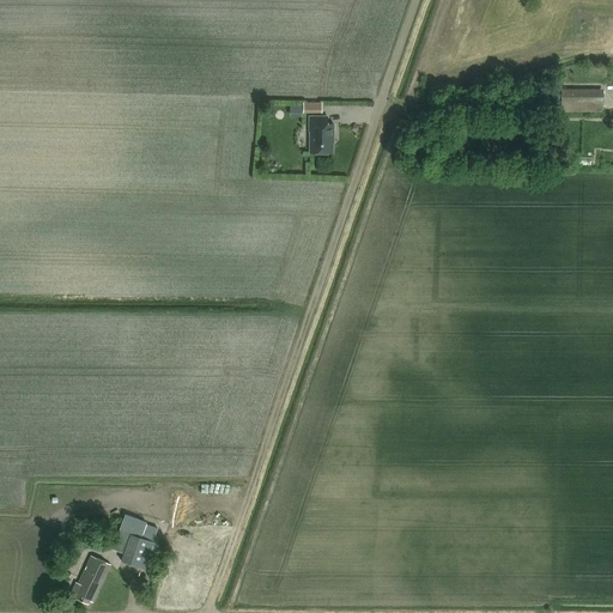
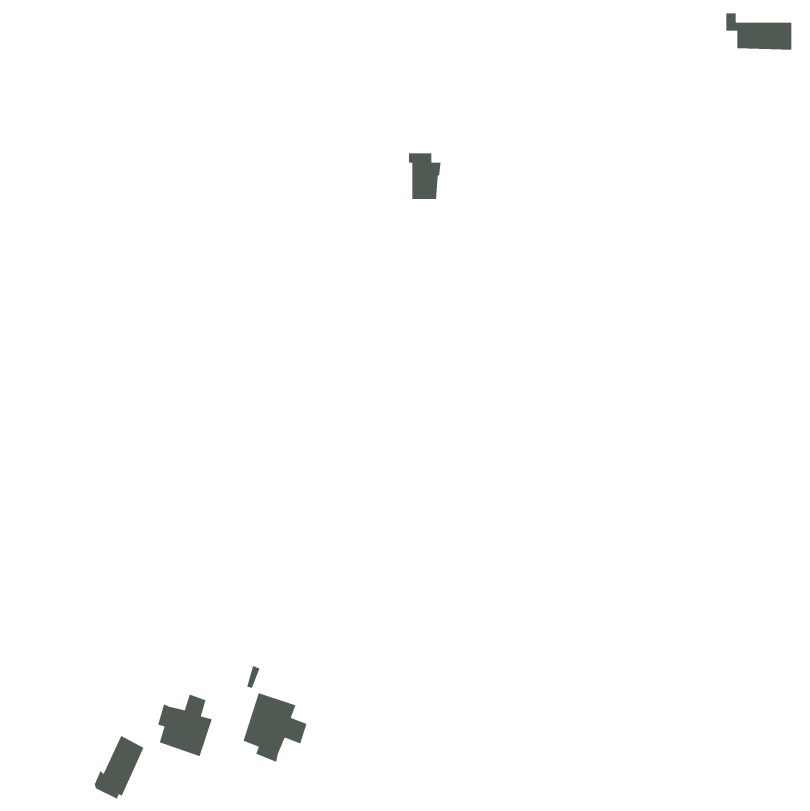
building: [551,81,601,110] -> [725,12,792,51]
building: none -> [242,692,307,763]

